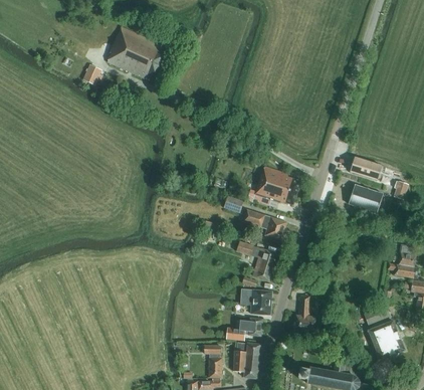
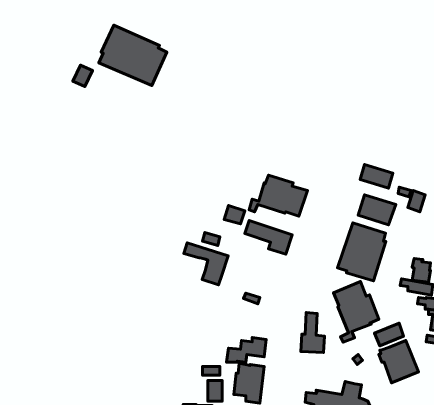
building: none -> [337,223,386,281]
building: [235,241,276,280] -> [184,243,228,285]
building: none -> [334,282,379,342]
building: [240,288,271,315] -> none

